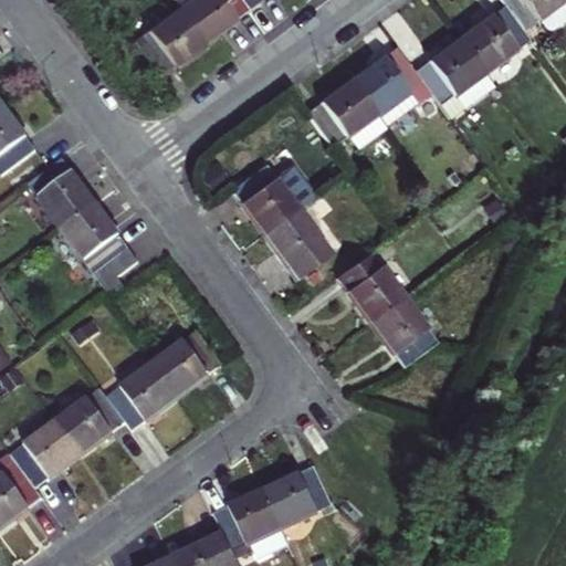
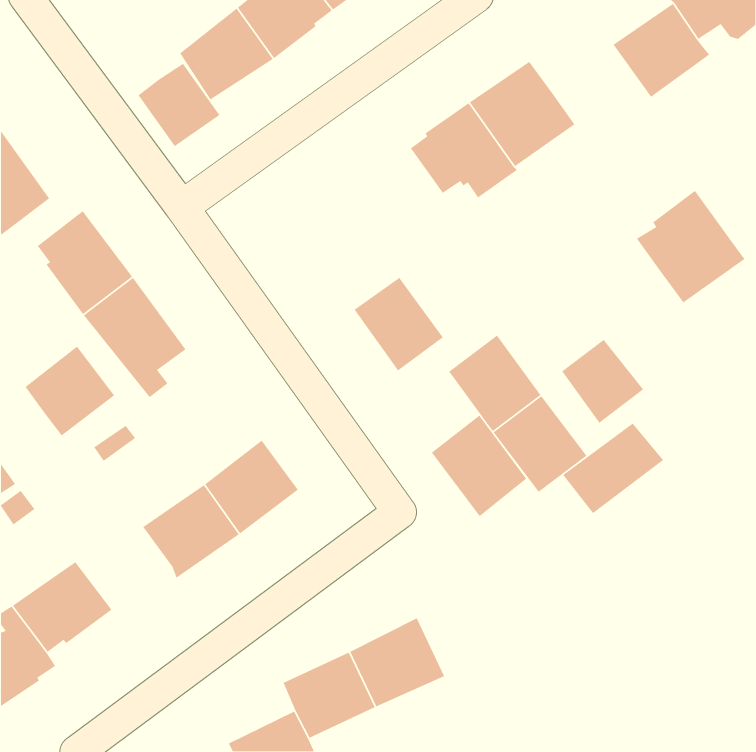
building: [413,33,495,118] -> [636,190,745,304]
building: none -> [137,63,220,147]
building: [232,163,316,231] -> none
building: none -> [561,339,644,424]
building: none -> [24,345,115,437]
building: none -> [431,415,527,517]
building: none -> [562,422,664,514]
building: [56,387,128,455] -> none

